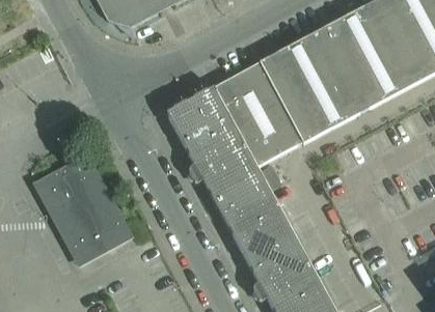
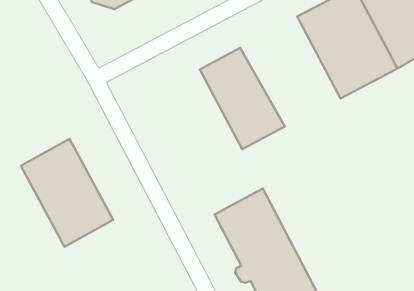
building: [256,32,357,142] -> none
building: [166,85,279,230] -> none

